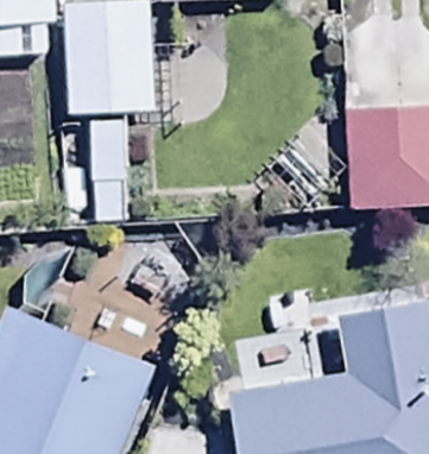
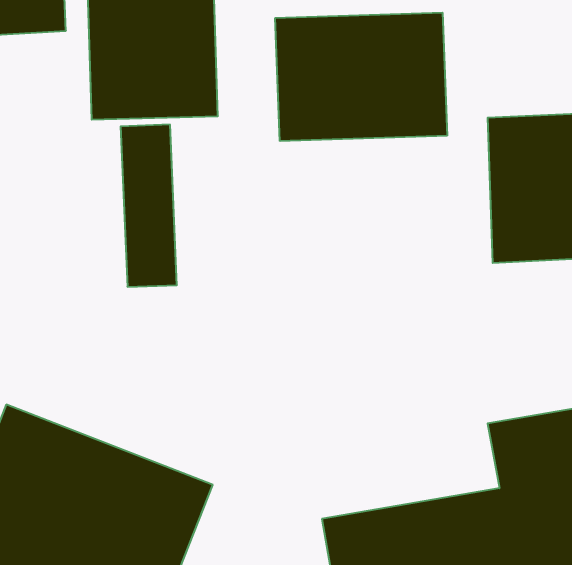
building: none -> [275,13,447,141]

